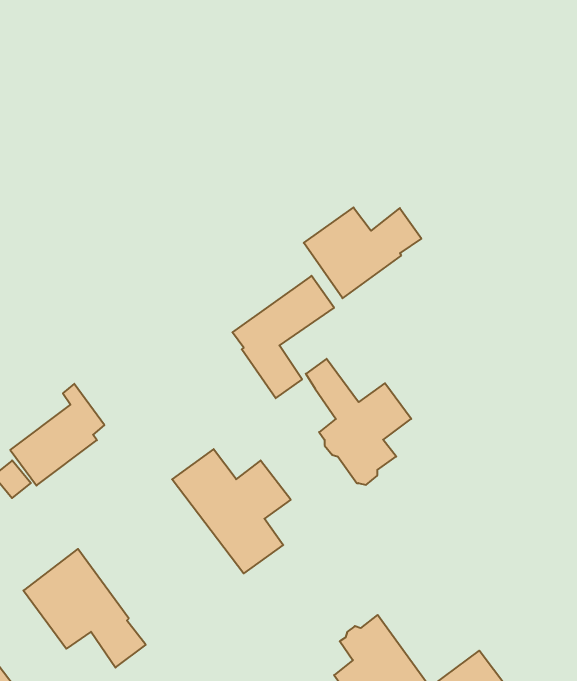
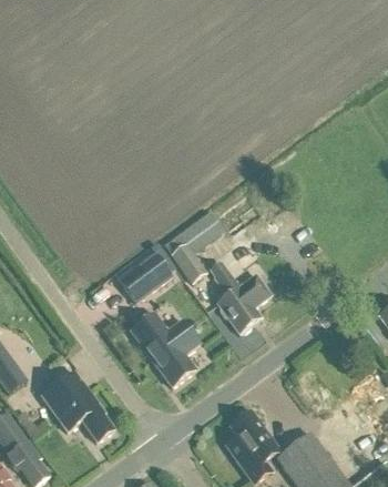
building: [304,207,421,298] -> none
building: [10,384,104,486] -> [120,241,175,301]

